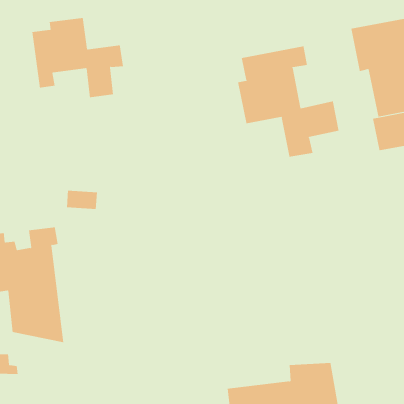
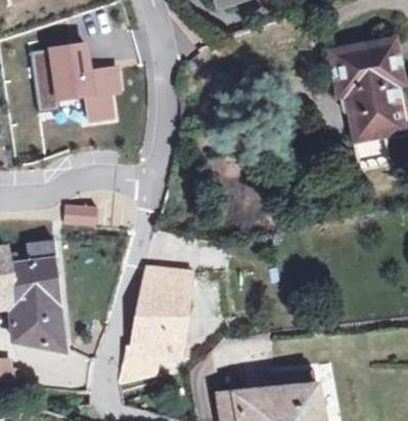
building: [238,45,339,158] -> none
building: none -> [119,269,190,383]

